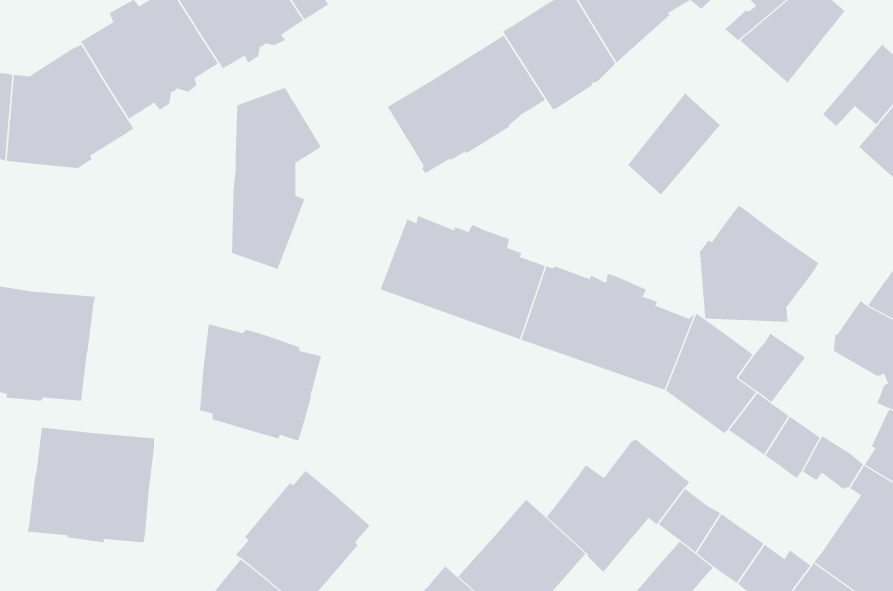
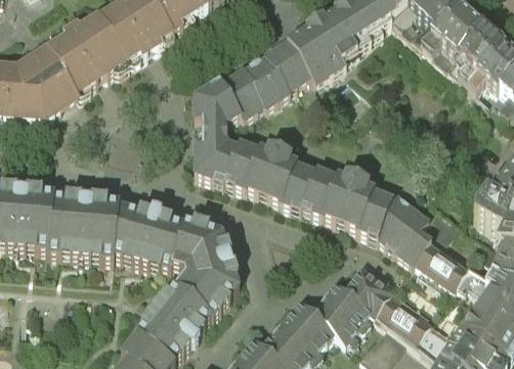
building: [231,87,321,269] -> [190,78,242,181]
building: [627,93,721,196] -> [448,24,502,82]
building: [699,205,819,323] -> none
building: none -> [172,217,240,316]
building: [27,427,155,543] -> [47,189,120,255]

